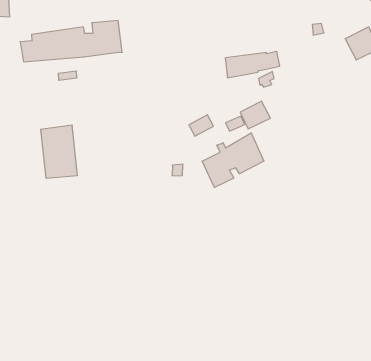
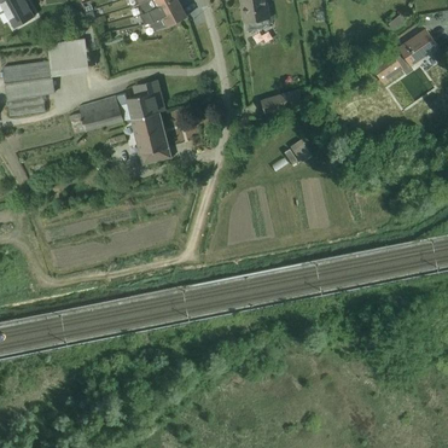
building: [41,125,78,178] -> [130,111,171,164]
building: [202,133,264,188] -> none

